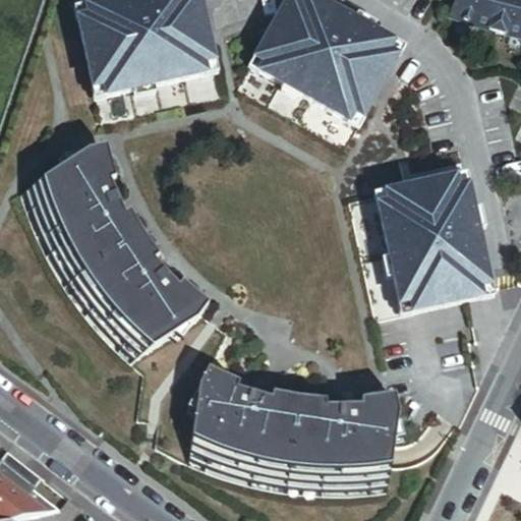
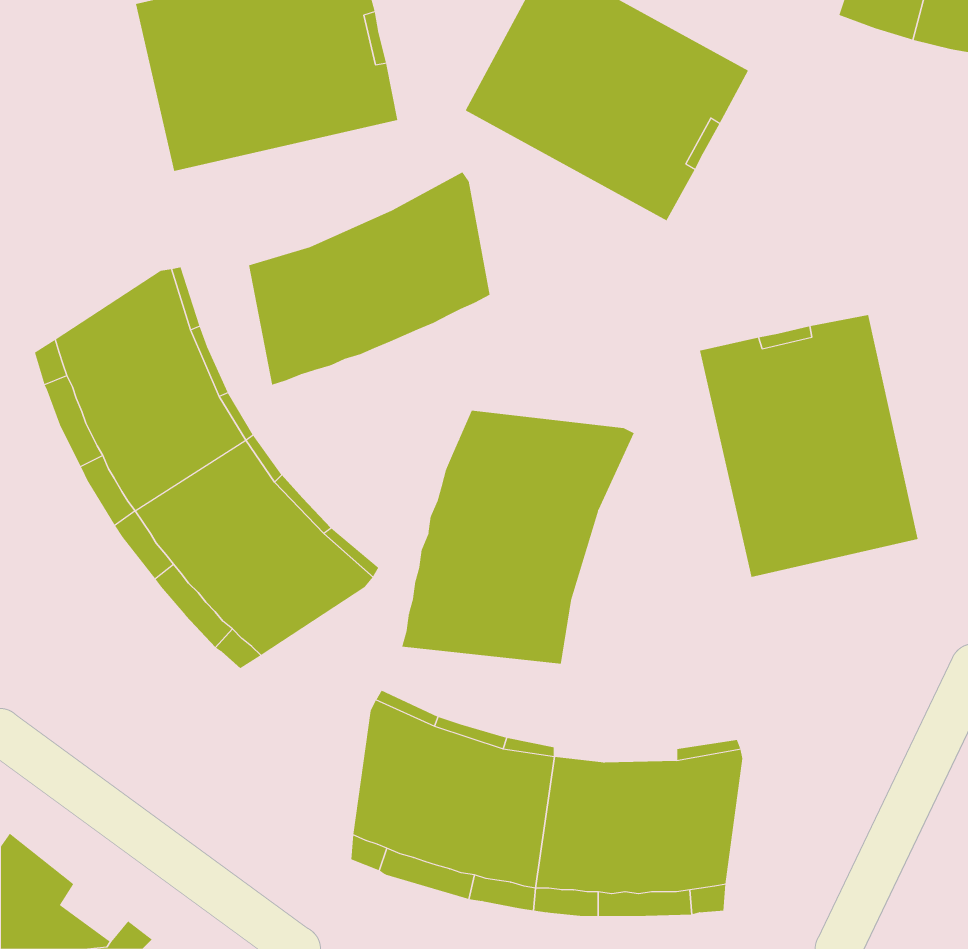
building: none -> [248,172,490,386]
building: none -> [402,410,634,664]

